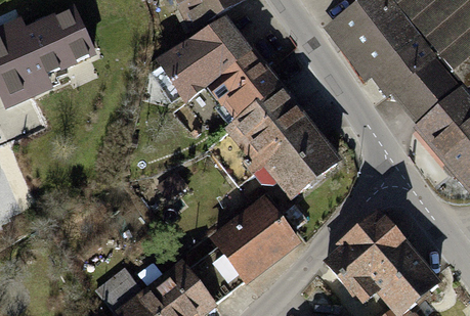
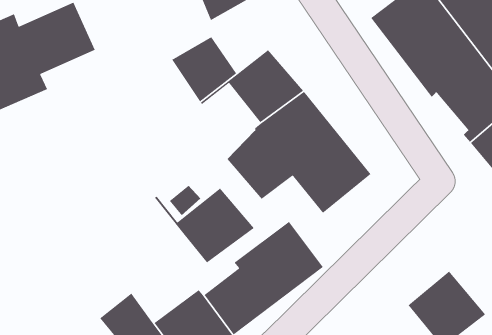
building: [197,20,247,73] -> none
building: none -> [154,188,255,264]
building: [328,213,407,291] -> none

